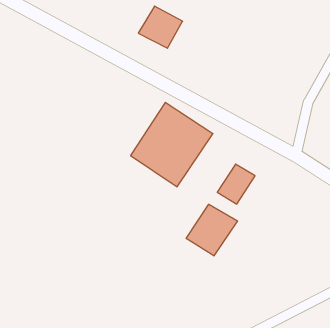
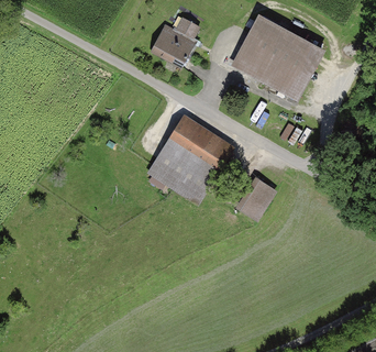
building: none -> [235,20,321,97]
building: [186,204,238,256] -> none

